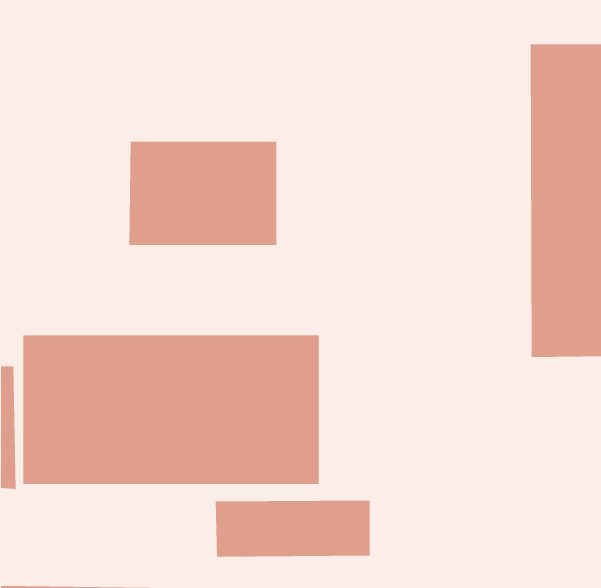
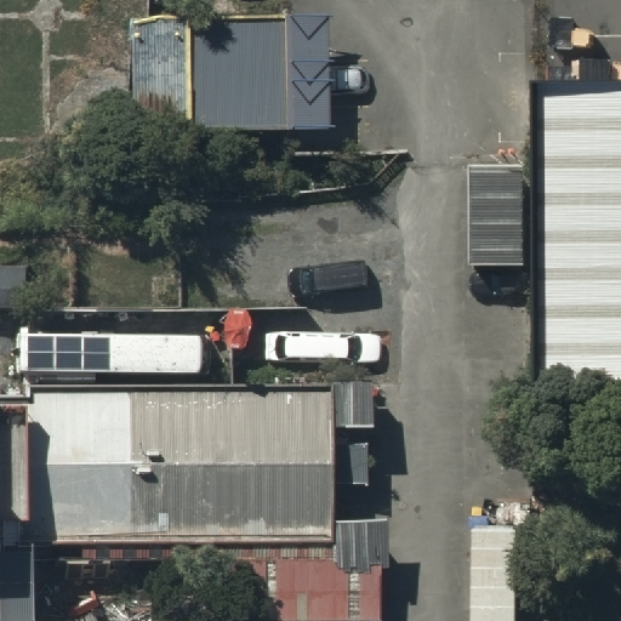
building: [129,141,277,246] -> [132,25,284,132]

